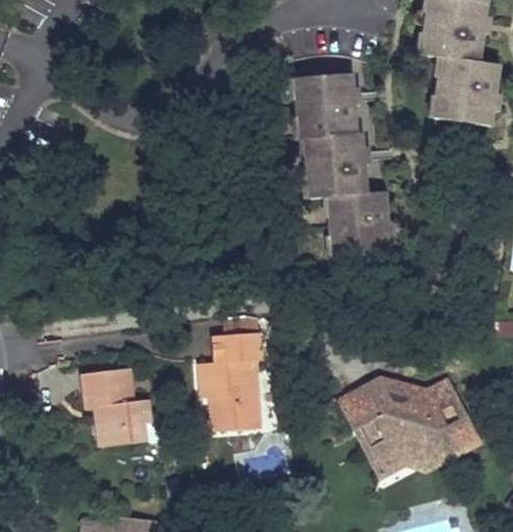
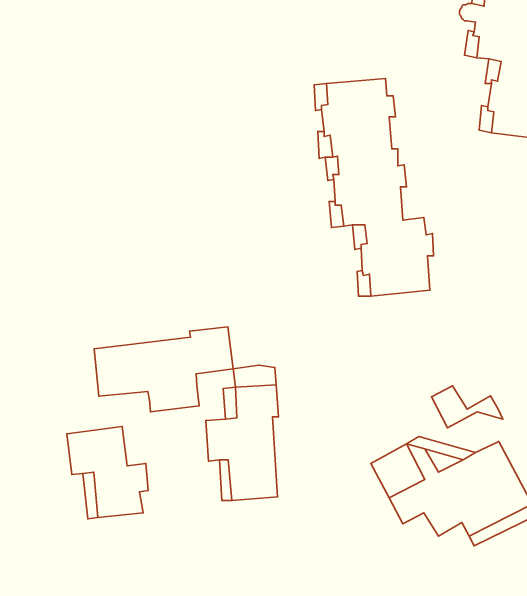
building: none -> [94,327,233,412]
building: [367,440,427,475] -> [432,386,503,428]

